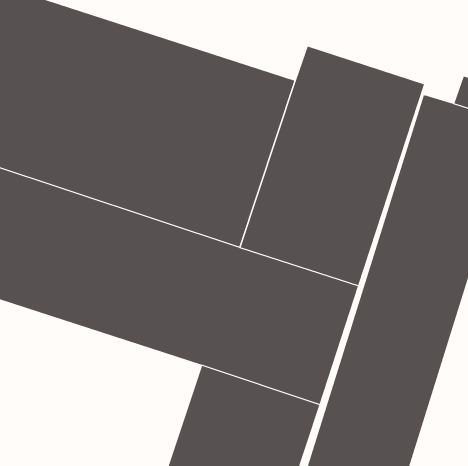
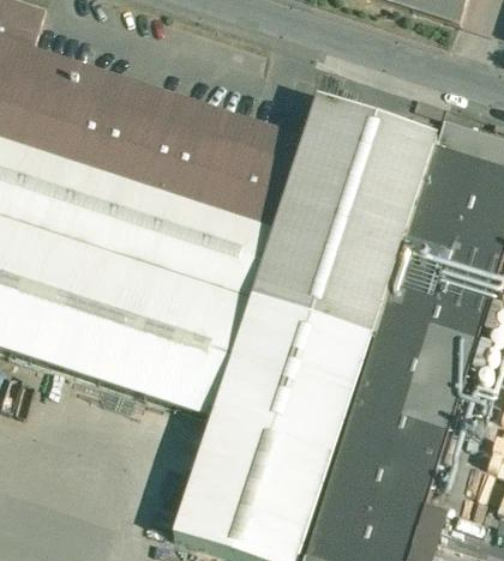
building: none -> [436,117,474,155]

